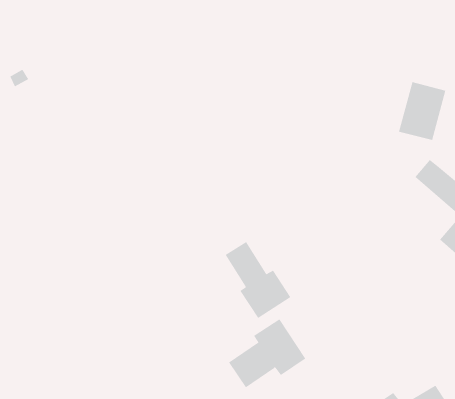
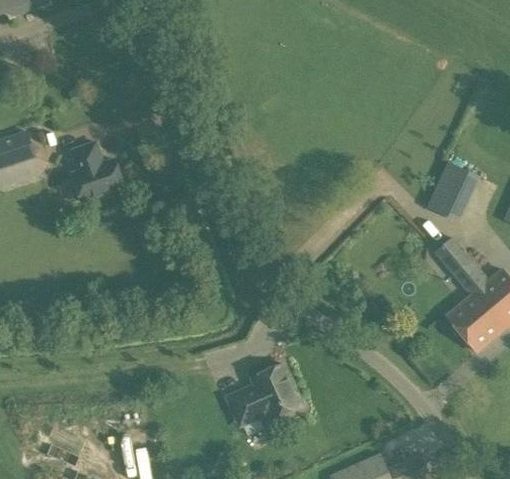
building: none -> [72,143,126,202]
building: [225,241,291,319] -> none

